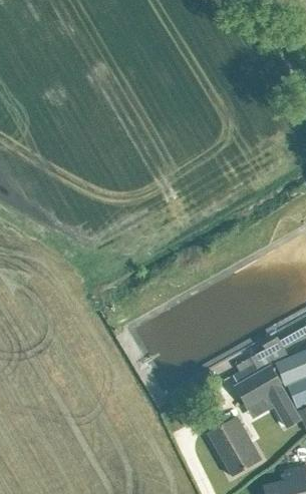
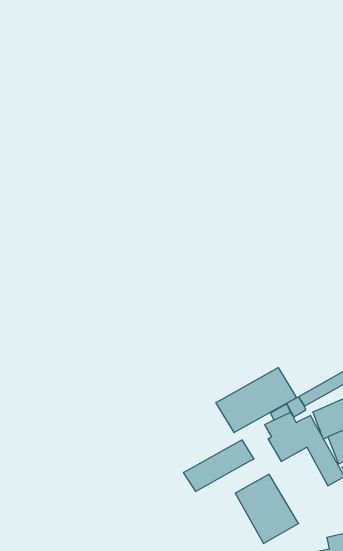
building: none -> [216,368,296,433]
building: none -> [184,440,254,491]

